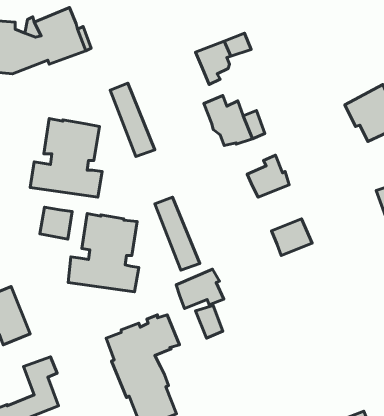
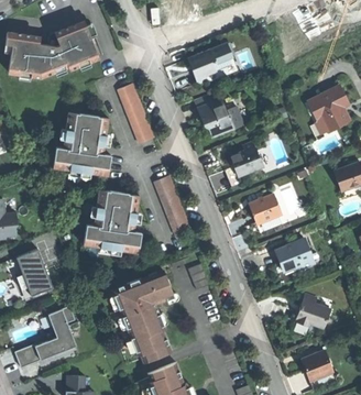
building: [40,207,72,239] -> none
building: [176,269,224,308] -> none
building: none -> [275,239,314,272]
building: none -> [291,294,330,328]

